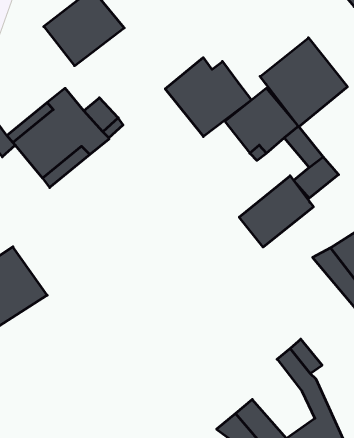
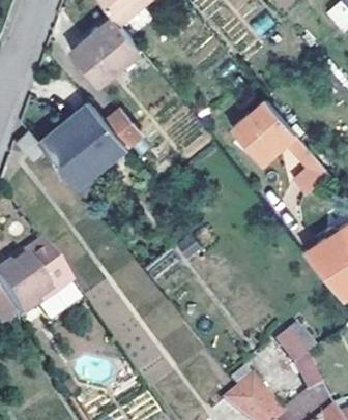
building: [260,38,347,127] -> none
building: [165,58,251,137] -> none
building: [239,176,313,247] -> none

